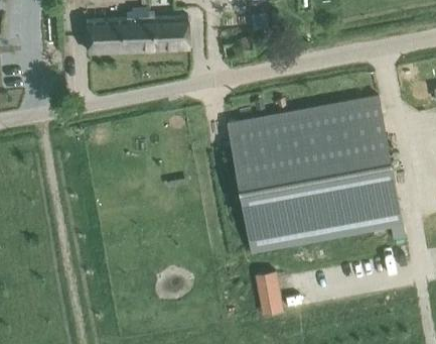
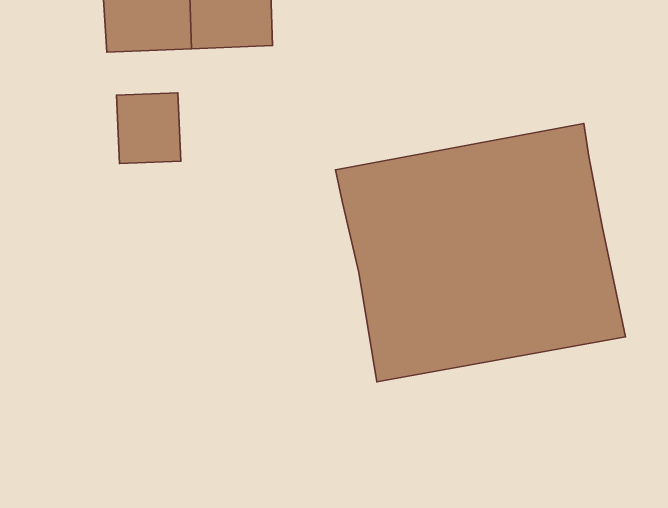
building: none -> [116,93,181,164]
building: [250,267,281,314] -> none

